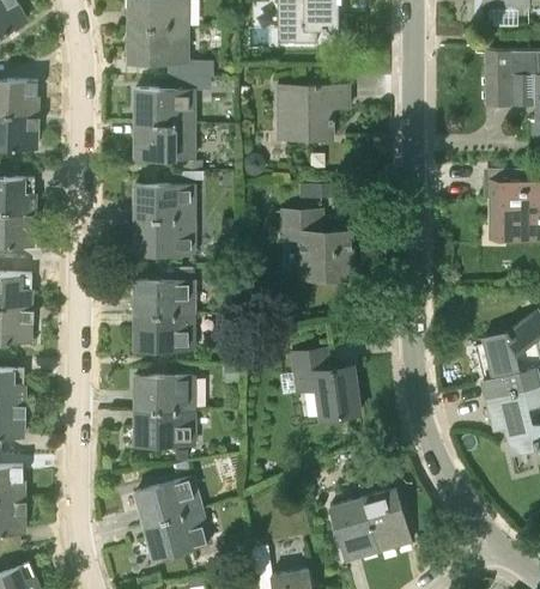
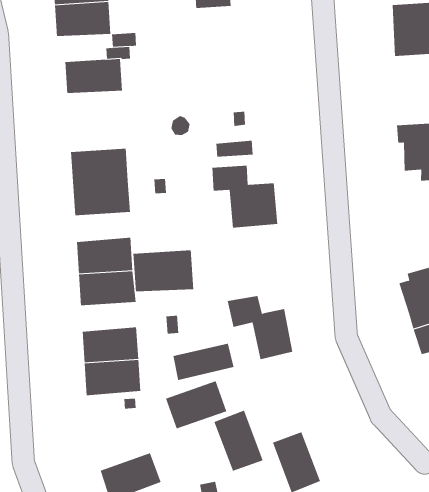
building: [278,85,348,141] -> none
building: [134,123,195,158] -> none
building: none -> [133,249,194,292]
building: none -> [173,343,234,381]
building: [135,476,200,526] -> [165,380,227,429]
building: [362,487,412,552] -> [214,410,263,472]

